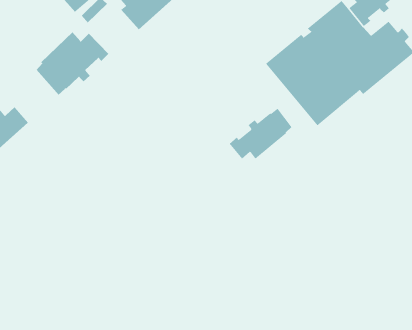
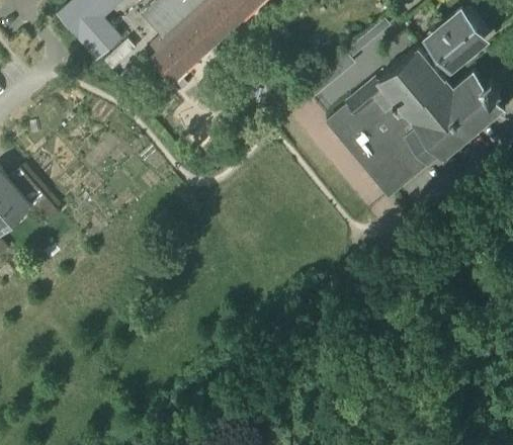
building: [36,32,109,95] -> none
building: [229,108,292,160] -> none

